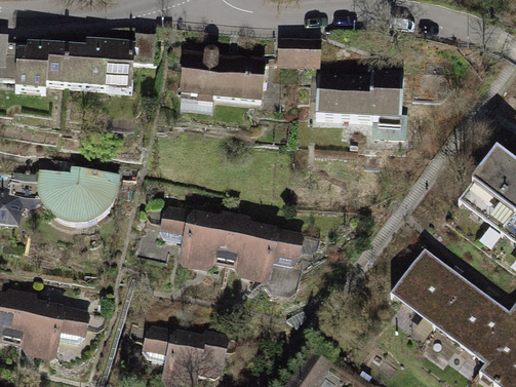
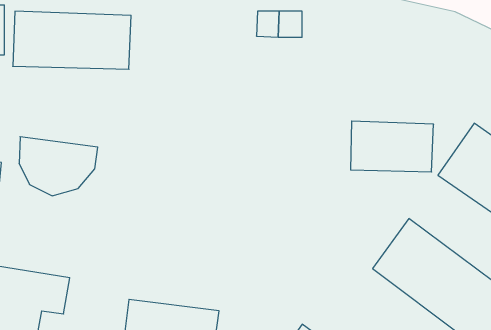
building: [172,47,262,104] -> none
building: [314,73,396,123] -> [351,121,434,172]
building: [159,202,311,283] -> none

